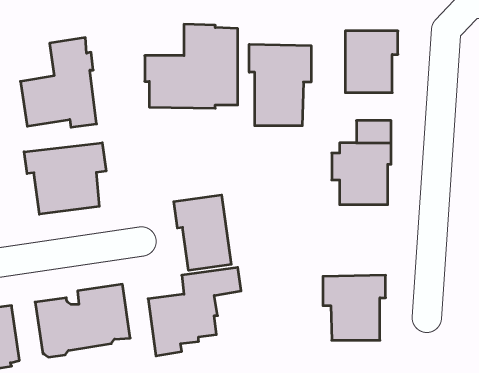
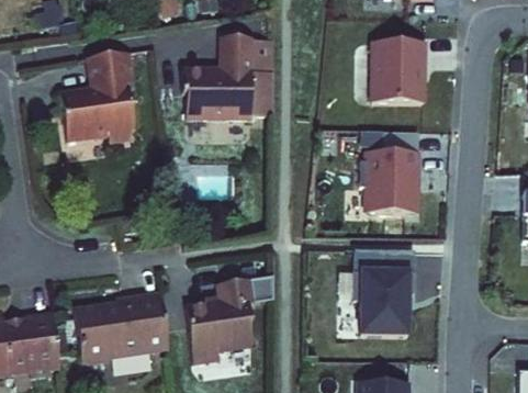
building: [249,44,311,126] -> none
building: [24,143,106,214] -> none
building: [174,195,231,270] -> none

